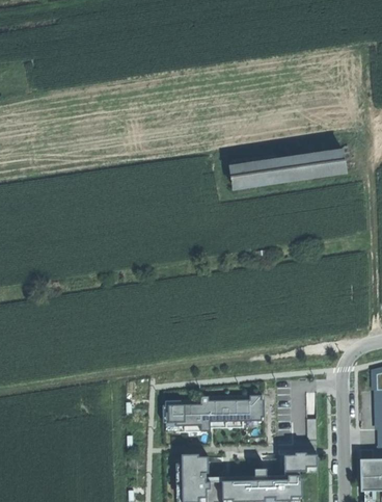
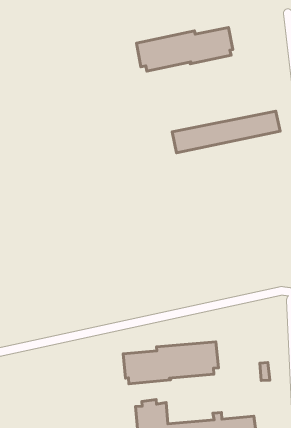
building: none -> [136,27,233,71]
building: [284,453,316,473] -> none

